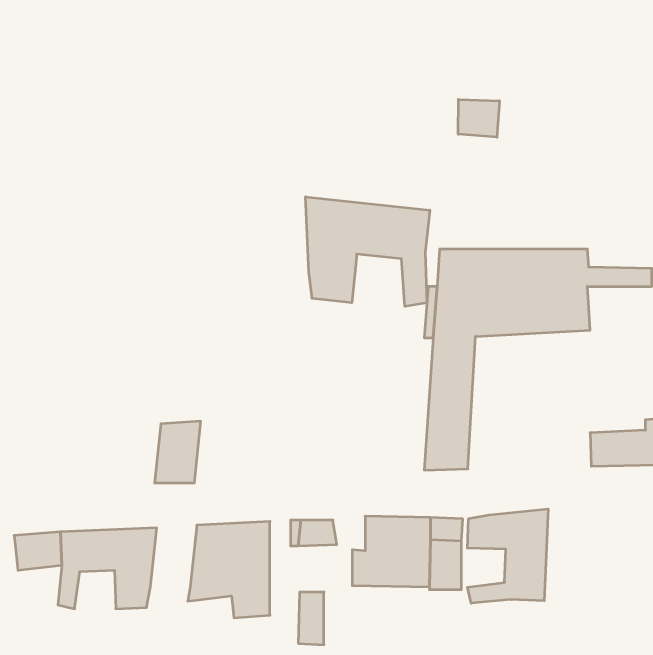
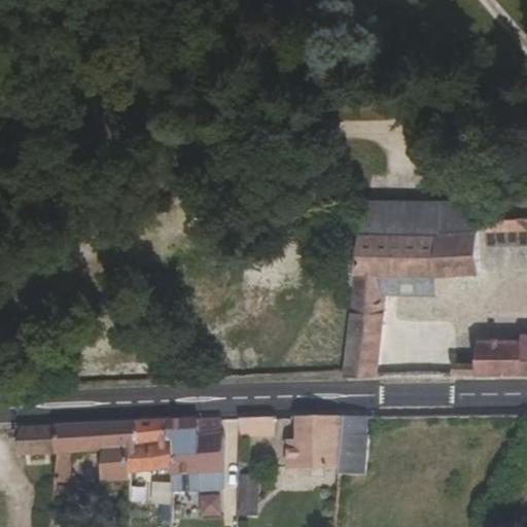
building: [458,99,499,137] -> none
building: [306,197,430,306] -> none
building: [155,421,201,483] -> [124,421,161,470]
building: [467,509,548,603] -> none

